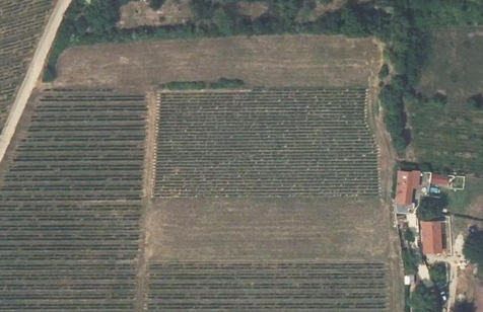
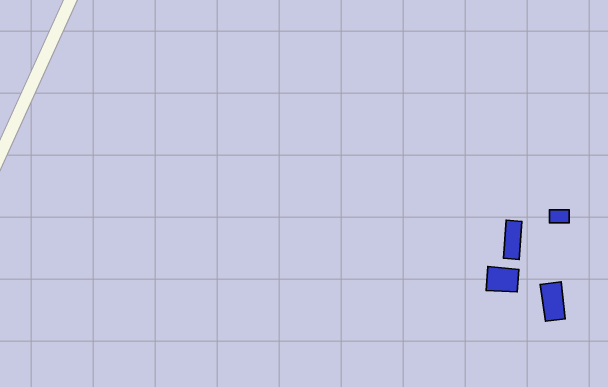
building: none -> [486,267,519,292]

